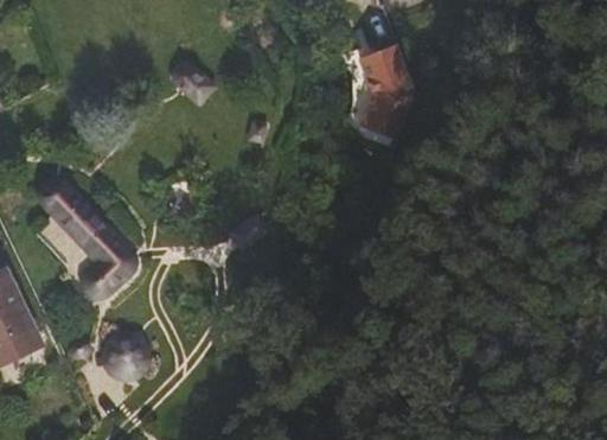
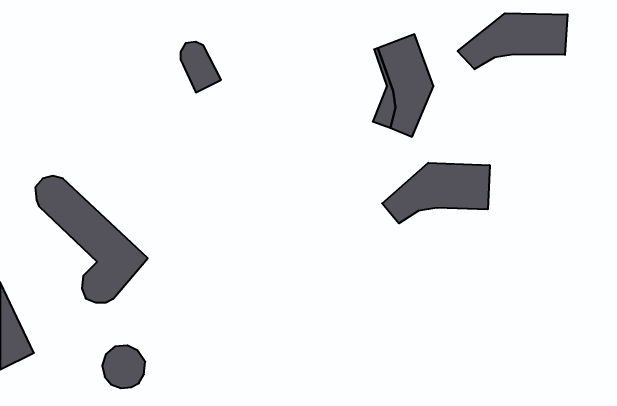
building: none -> [458,13,568,69]
building: none -> [382,163,490,223]

